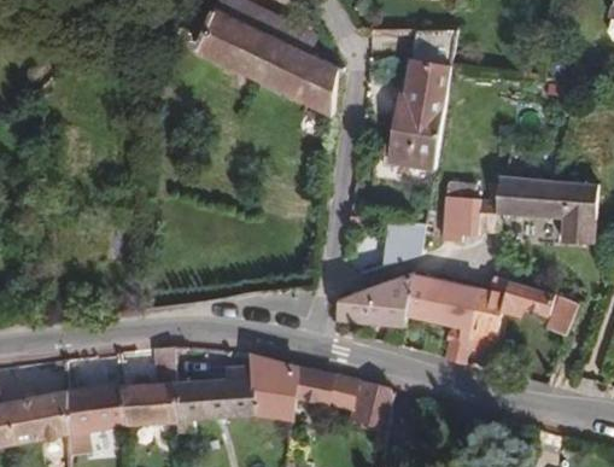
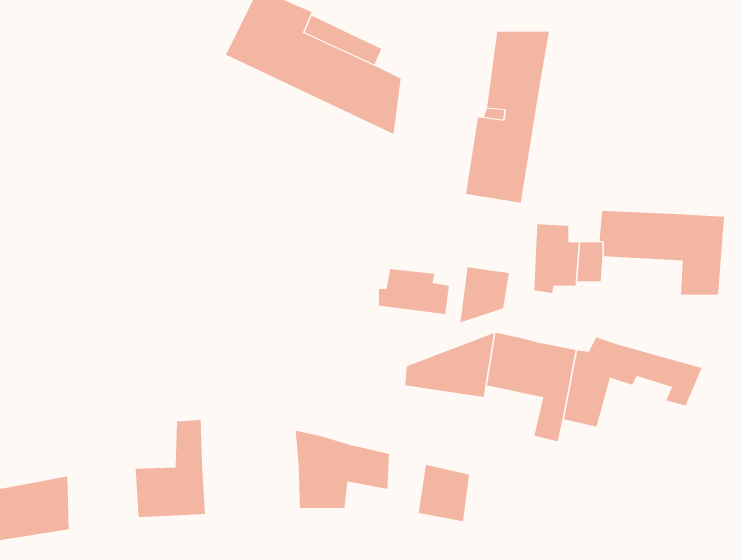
building: none -> [378,268,449,315]
building: [172,381,252,442] -> none
building: [64,385,121,450] -> none

